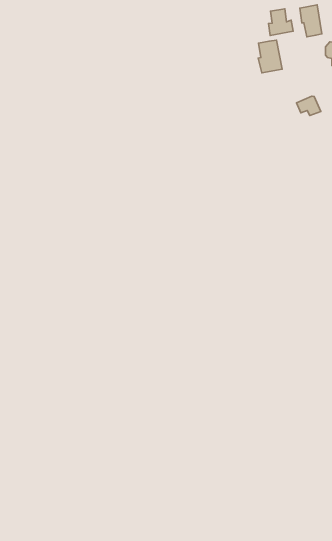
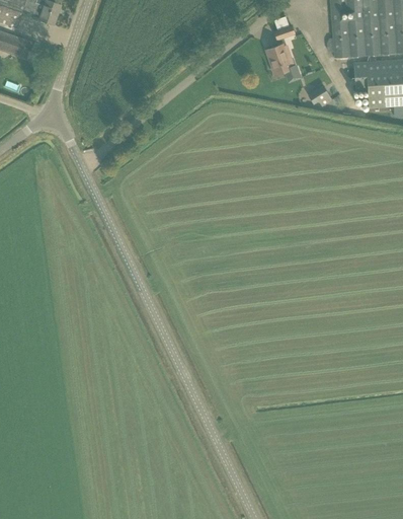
building: [300,5,322,37] -> none

